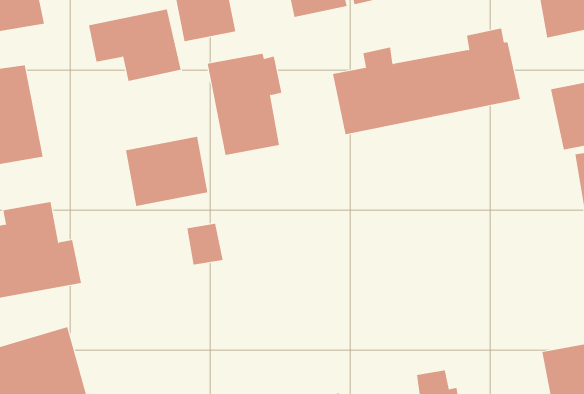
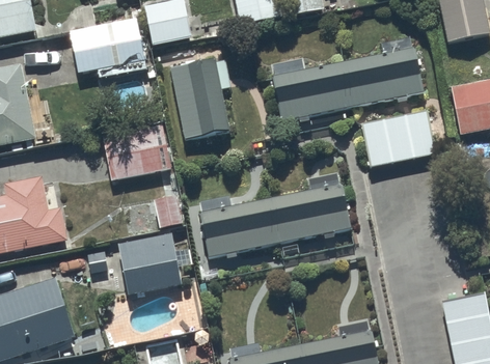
building: none -> [359,107,437,168]
building: none -> [198,181,352,258]
building: none -> [117,232,192,295]

